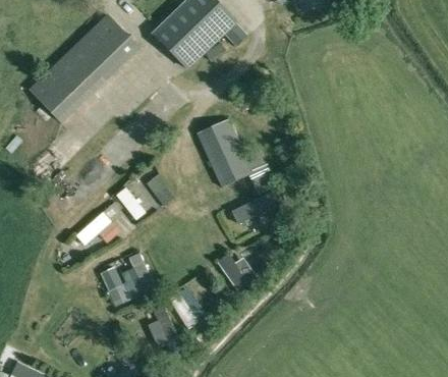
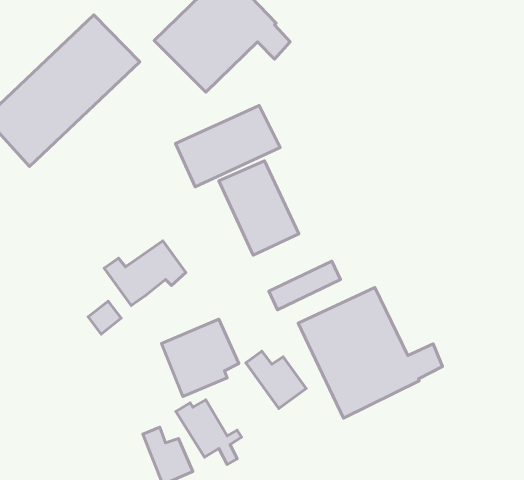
building: none -> [175,105,280,187]
building: none -> [298,288,442,418]
building: [98,253,153,308] -> [161,319,239,397]

